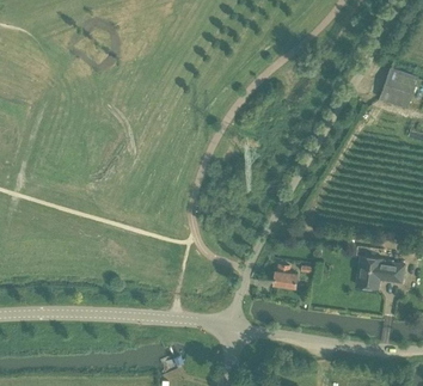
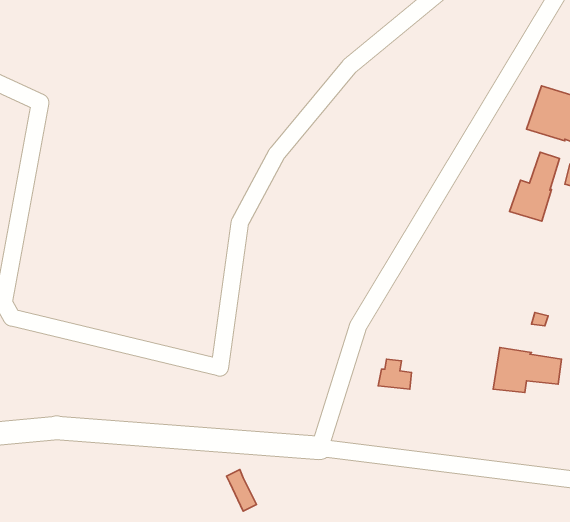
building: none -> [510,152,559,221]

